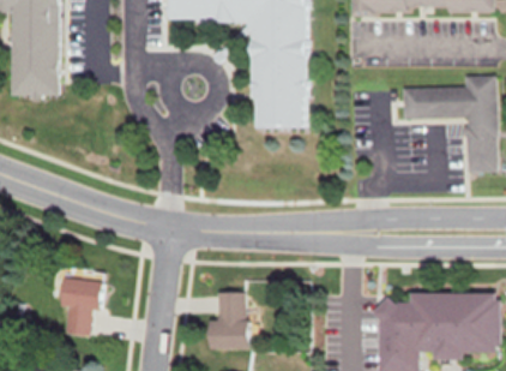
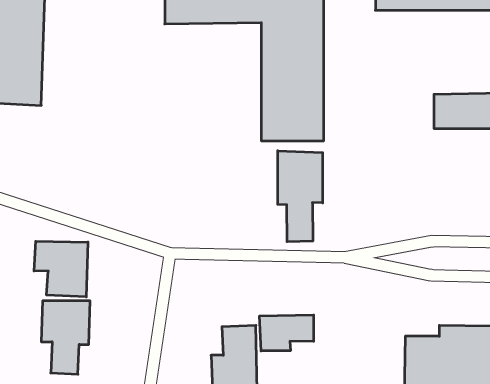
building: none -> [278,151,323,242]
building: none -> [34,241,88,297]
building: none -> [260,315,314,351]

